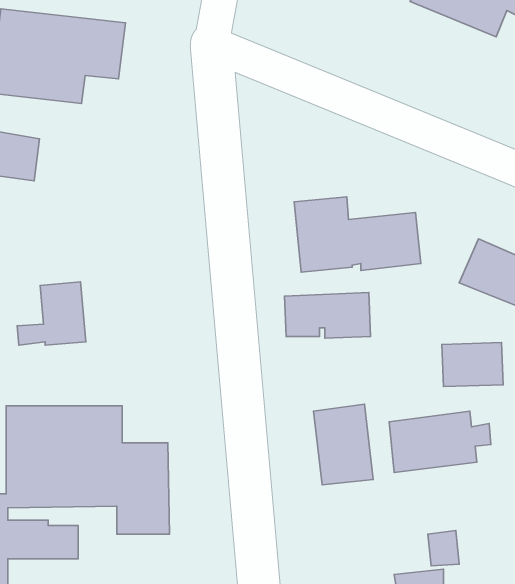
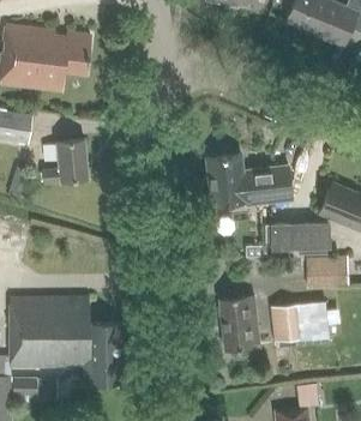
building: [17,282,86,345] -> [41,139,88,182]
building: [284,293,371,338] -> [272,222,331,253]

